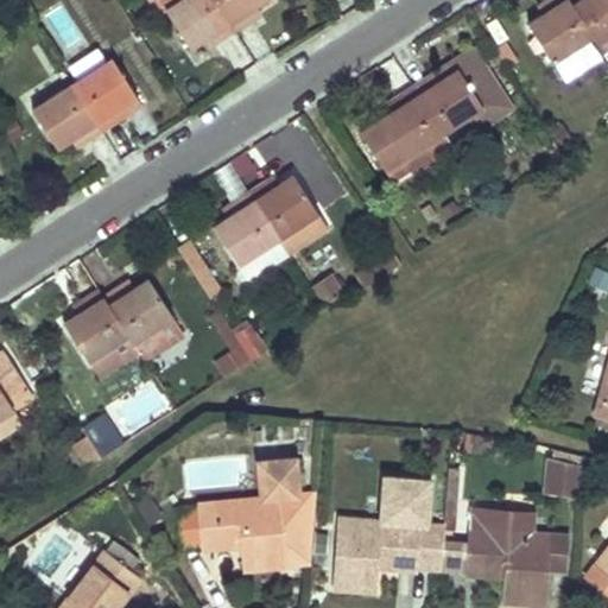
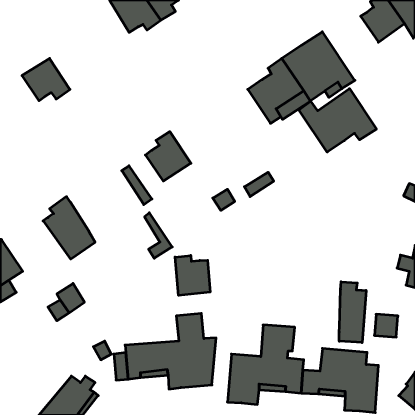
building: [72,59,138,131] -> none
building: none -> [299,89,376,152]
building: [248,175,330,256] -> none
building: [103,278,185,362] -> none
building: none -> [175,255,210,295]
building: none -> [339,282,366,343]

